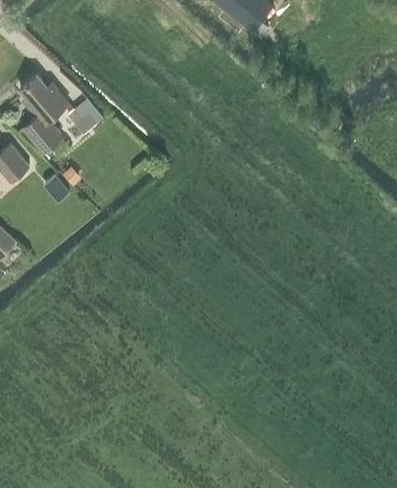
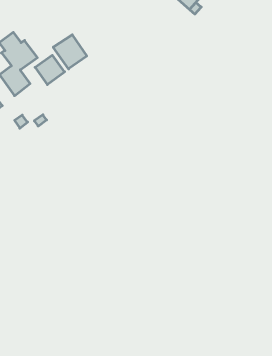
building: none -> [53,35,87,69]

